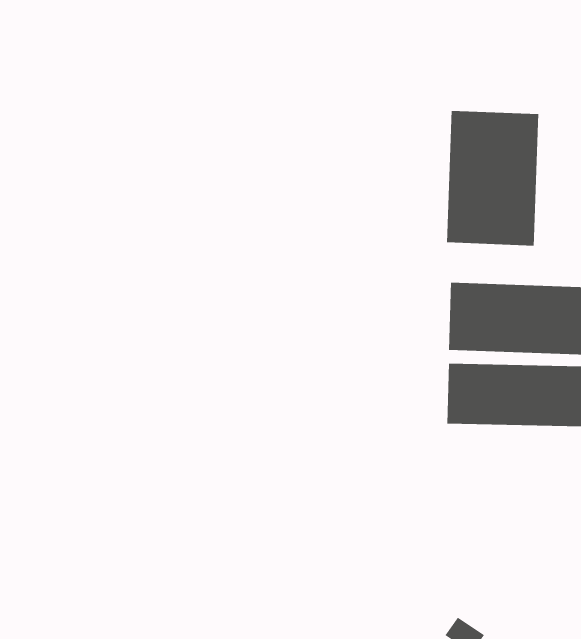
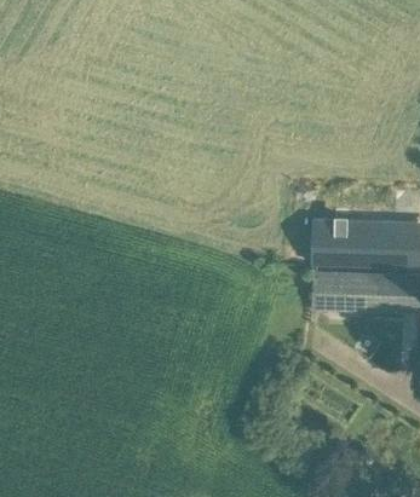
building: [447,110,539,246] -> none

